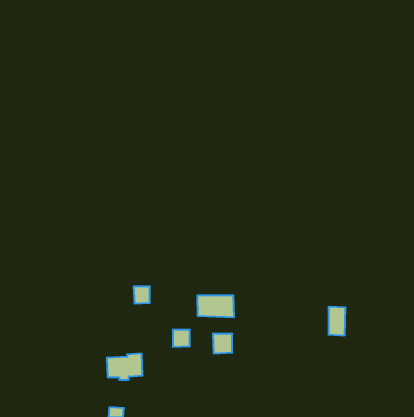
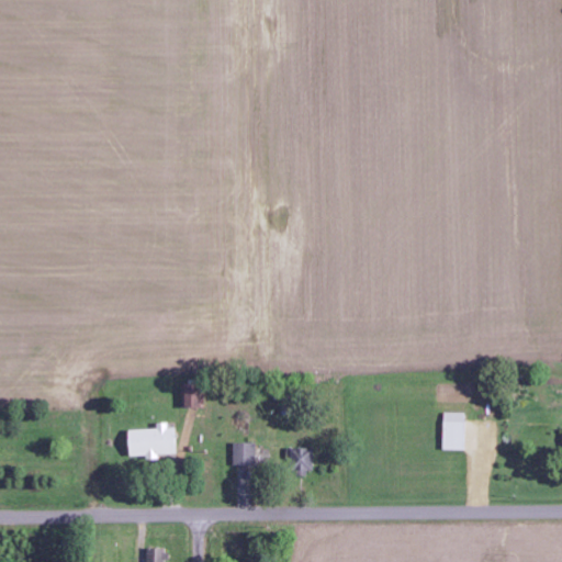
building: [198,295,234,317] -> none
building: [107,354,143,380] -> [128,425,177,460]

